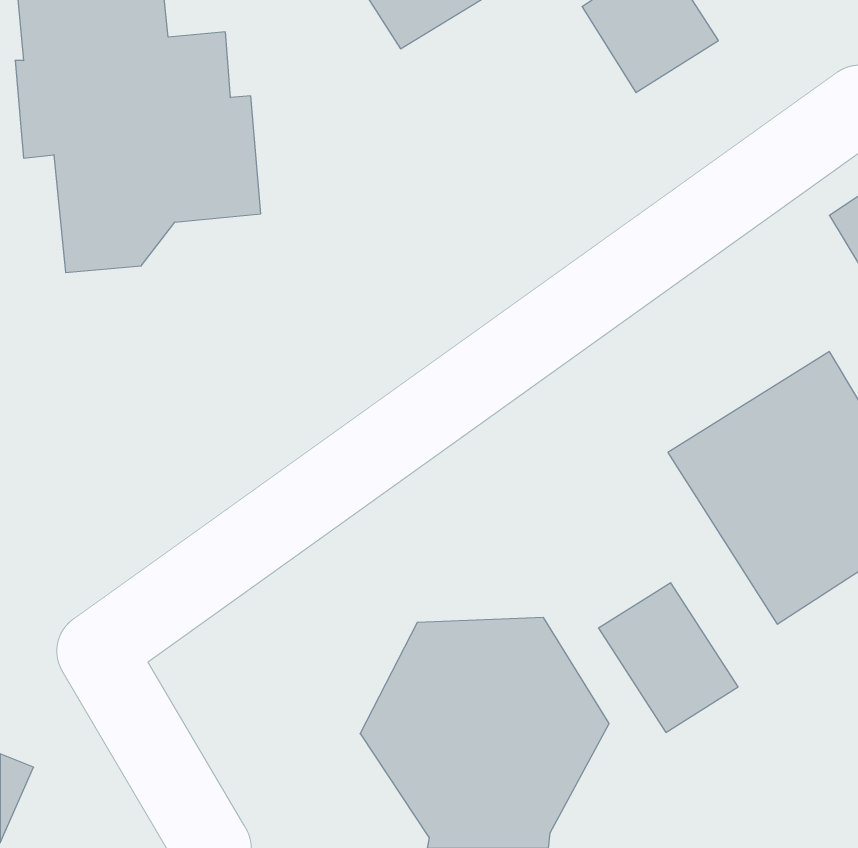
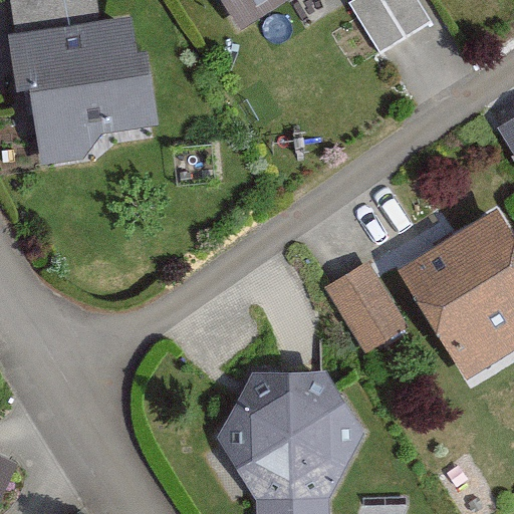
building: [598,583,738,732] -> [321,263,405,352]

